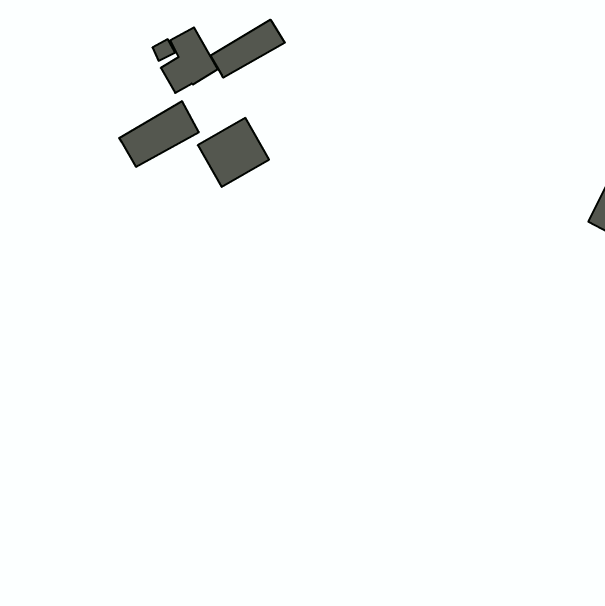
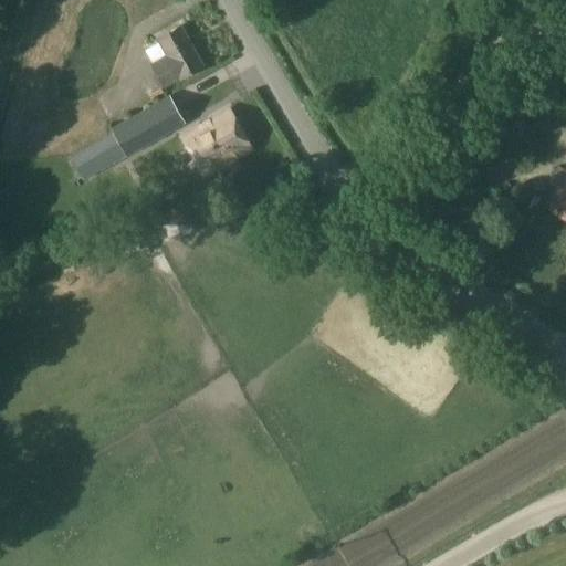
building: [211,20,285,78] -> none
building: none -> [74,132,129,179]

